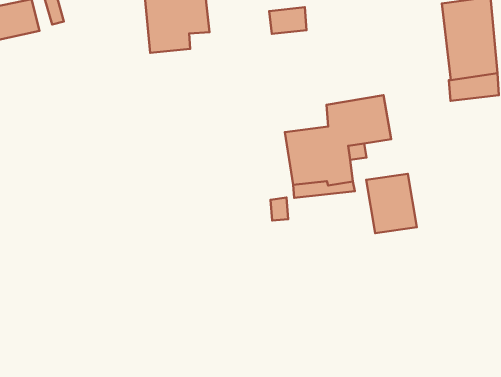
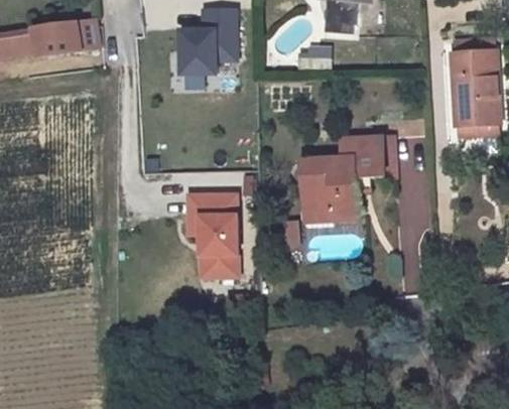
building: none -> [187,192,237,275]
building: [366,174,417,233] -> none

